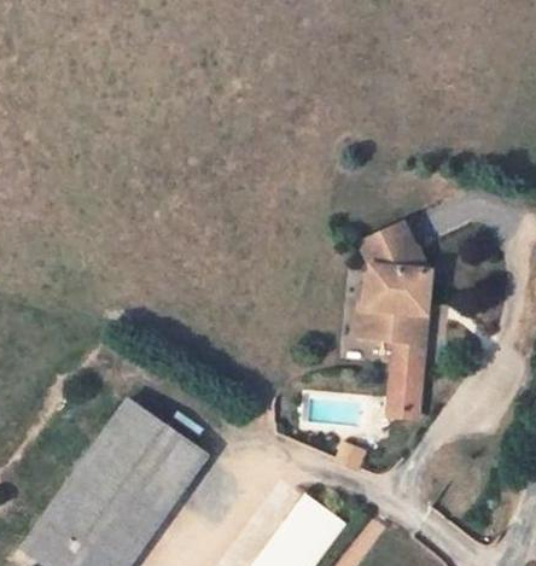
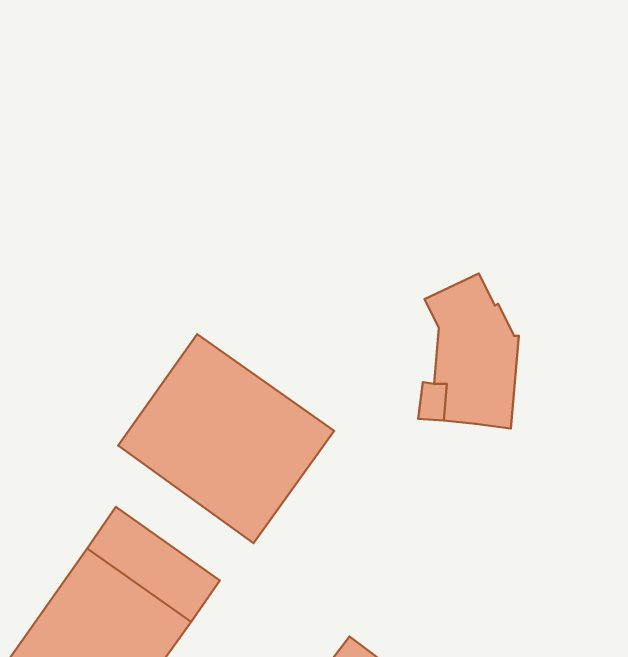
building: none -> [118,334,334,543]
building: [392,338,425,416] -> none

